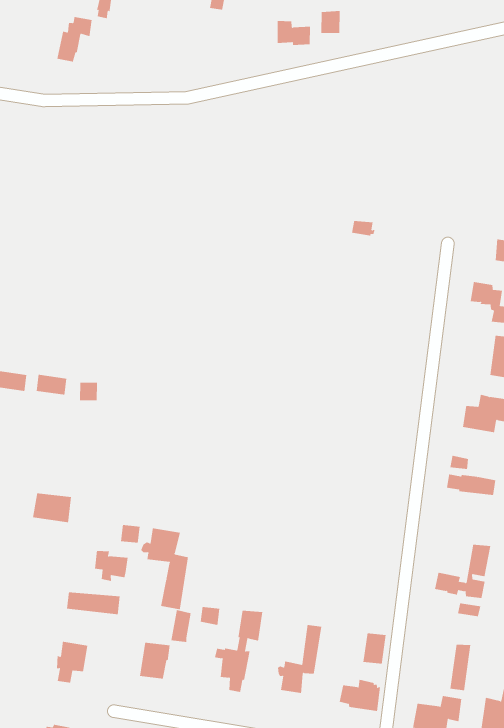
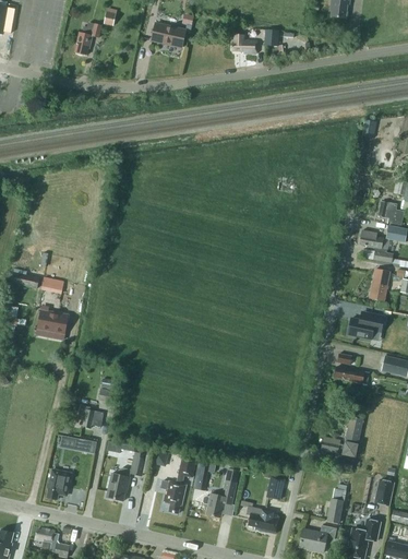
building: none -> [152,23,185,46]
building: [32,493,72,523] -> [38,310,68,333]
building: [141,527,189,610] -> none

